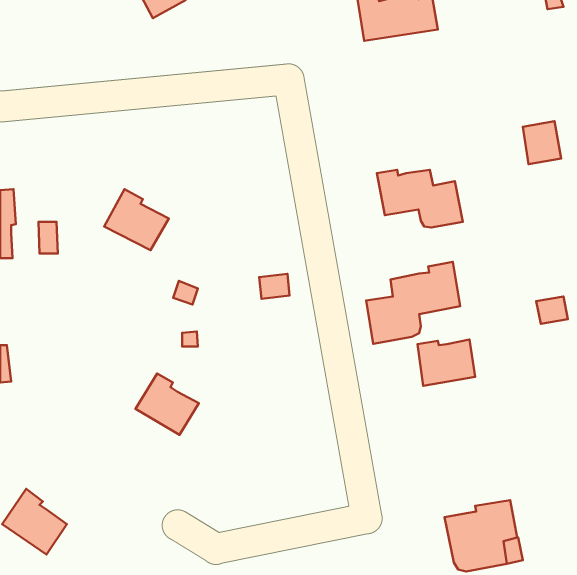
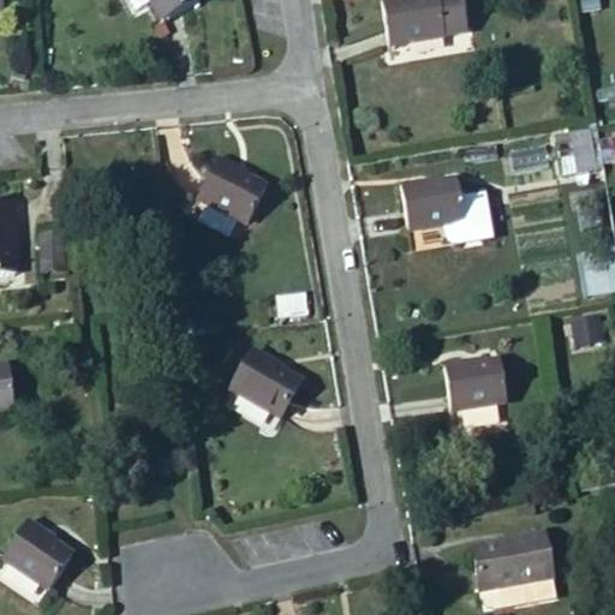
building: [104,189,169,250] -> [198,156,267,221]
building: [366,262,460,344] -> none
building: [136,374,199,435] -> [233,350,300,414]

